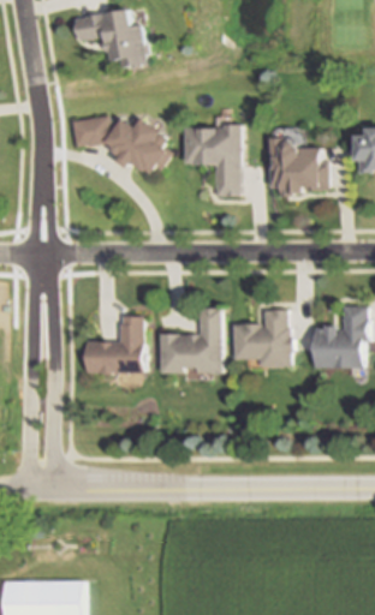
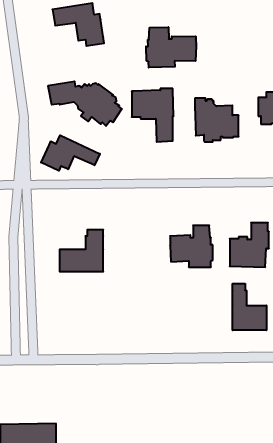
building: none -> [146,27,196,68]
building: none -> [41,135,100,171]
building: [160,309,220,374] -> none
building: none -> [233,284,266,330]

